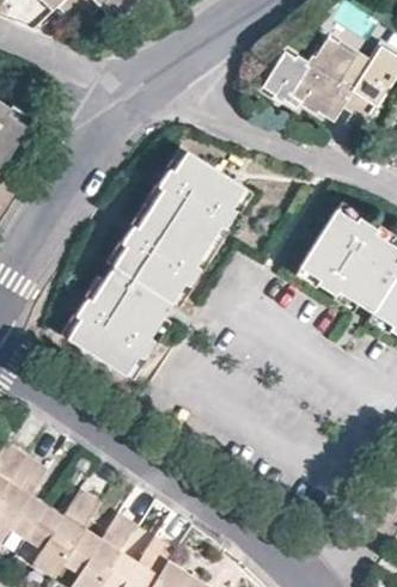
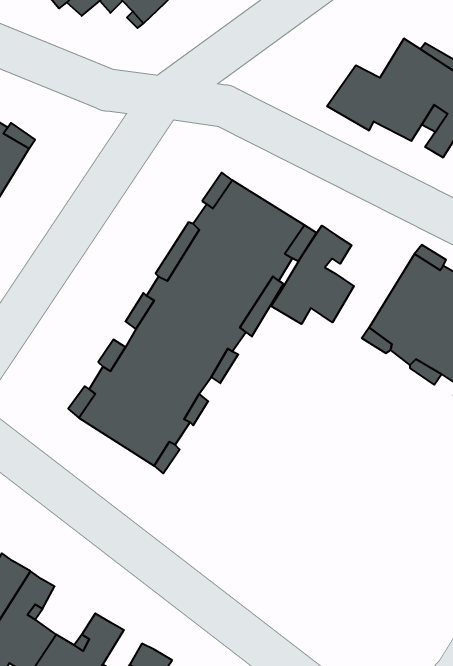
building: none -> [271,226,354,324]

